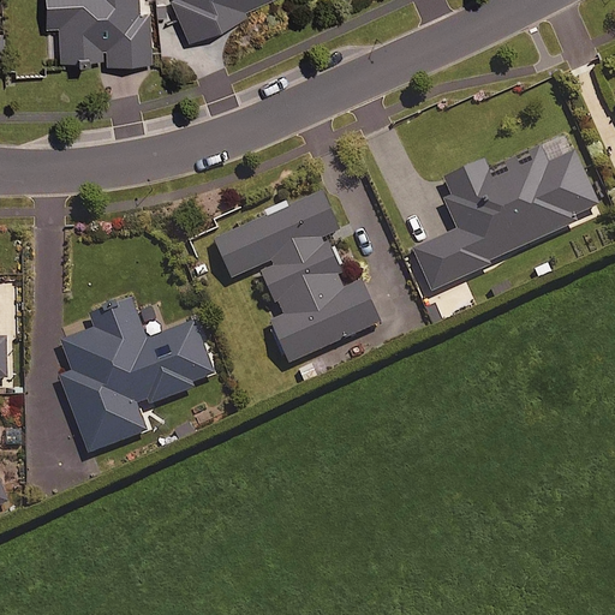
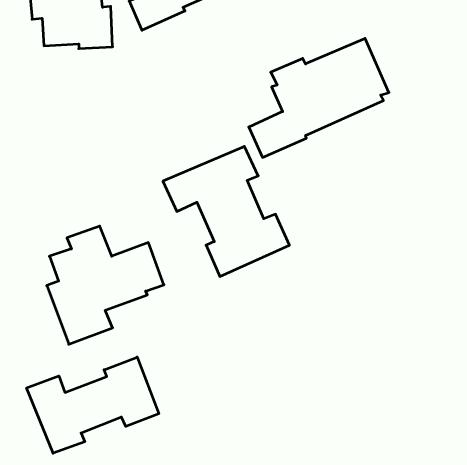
building: [414,133,598,289] -> [249,38,389,157]
building: none -> [27,357,159,453]

